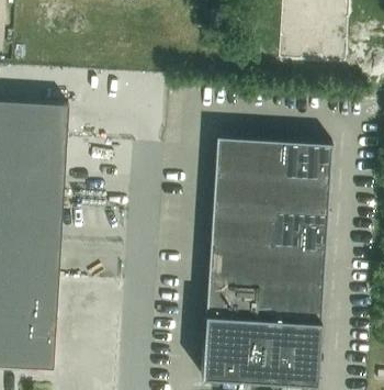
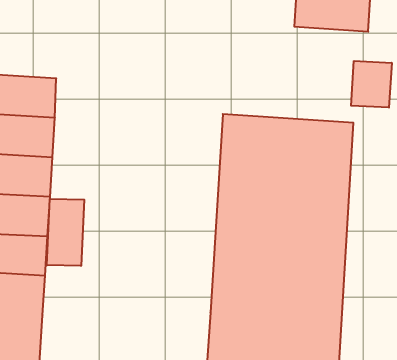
building: none -> [351,61,392,108]
building: none -> [47,199,84,266]

